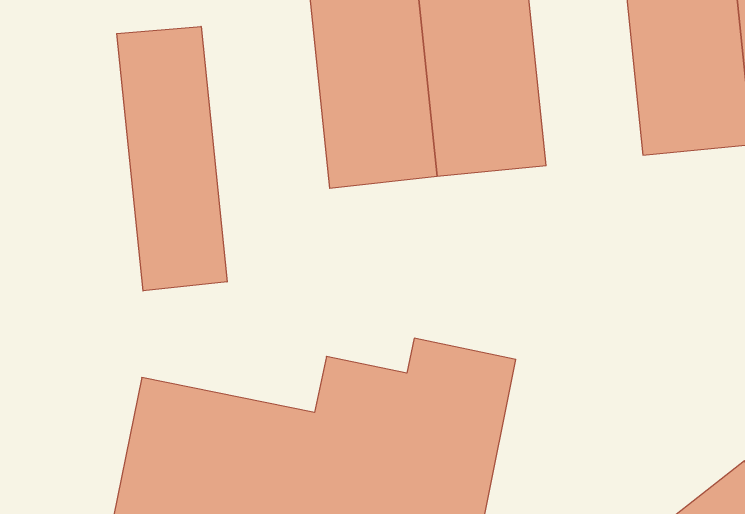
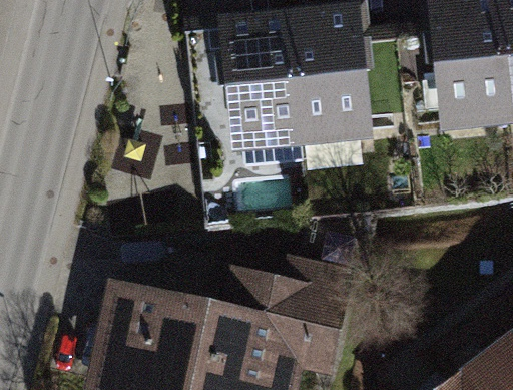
building: [117,26,227,291] -> none

